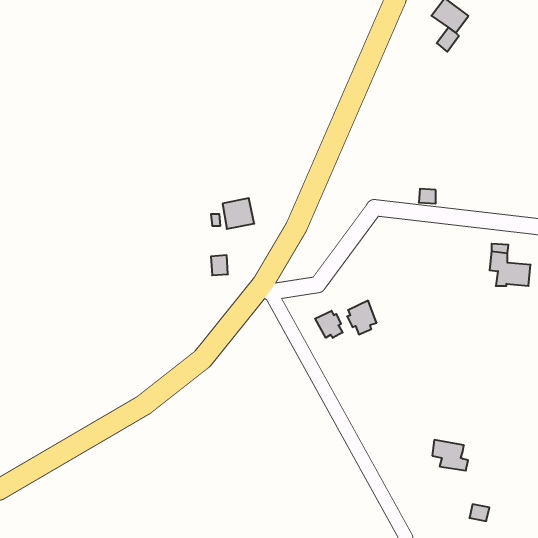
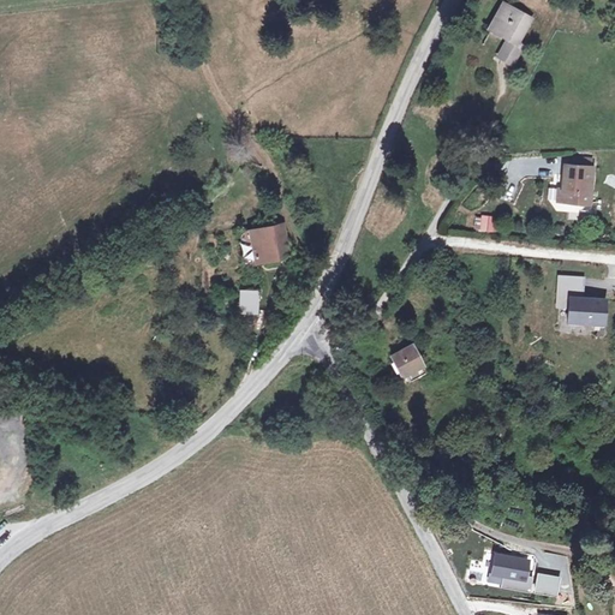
building: none -> [561,166,589,202]
building: [315,311,343,338] -> none
building: [432,440,468,471] -> [491,554,532,589]

